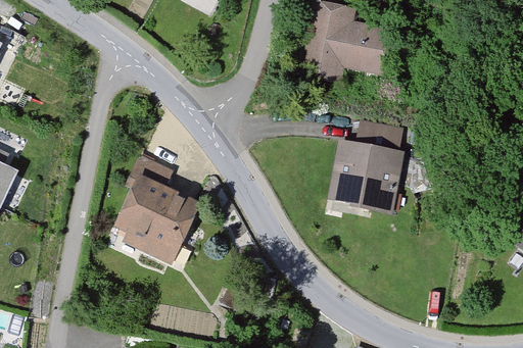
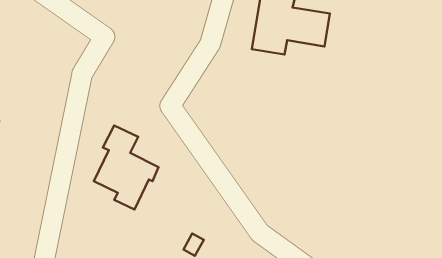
building: [336,125,400,209] -> none

